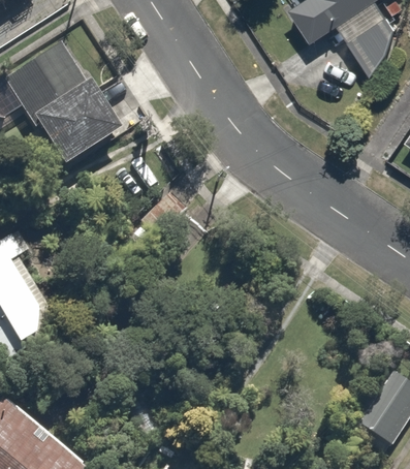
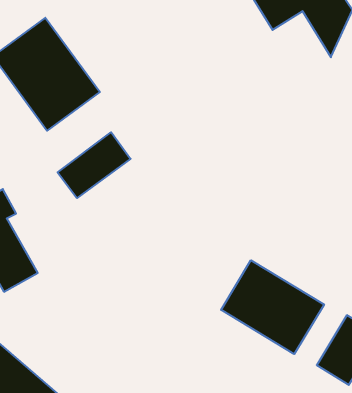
building: none -> [58,132,131,198]
building: none -> [221,260,324,354]

